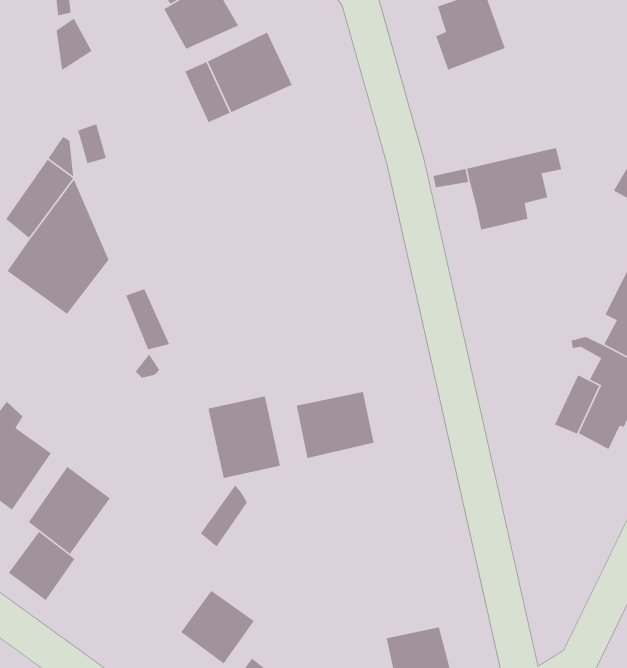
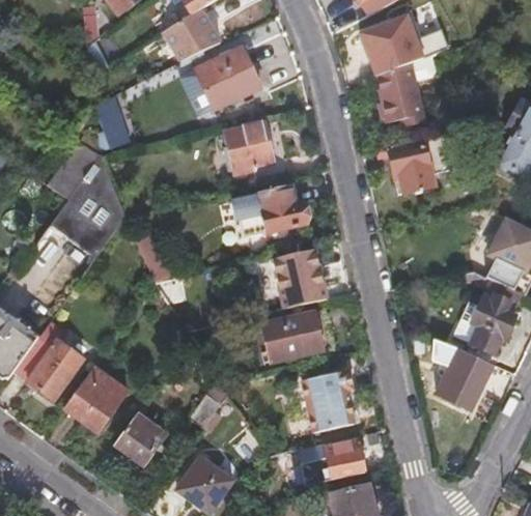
building: none -> [378,62,424,125]
building: none -> [227,124,290,181]
building: none -> [232,185,309,236]
building: [208,396,281,479] -> [272,249,326,310]
building: none -> [437,350,493,409]
building: none -> [303,370,355,431]
building: [8,531,75,601] -> [115,412,165,464]
building: none -> [298,440,365,485]

